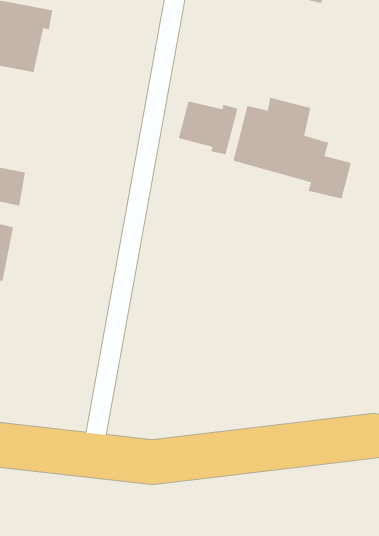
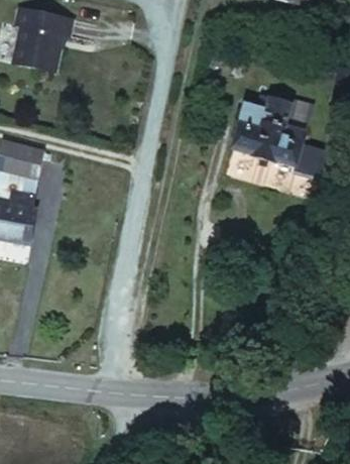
building: [178,101,238,155] -> none

